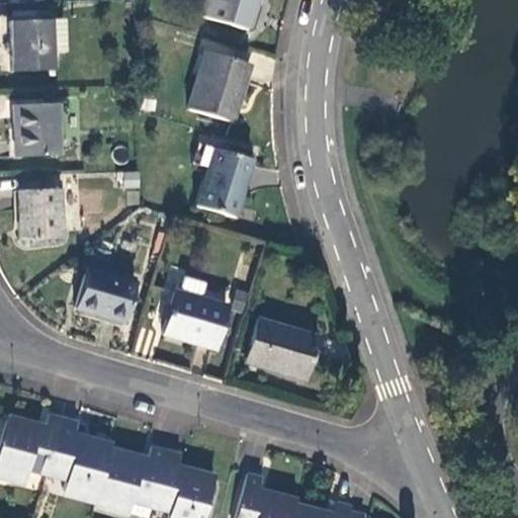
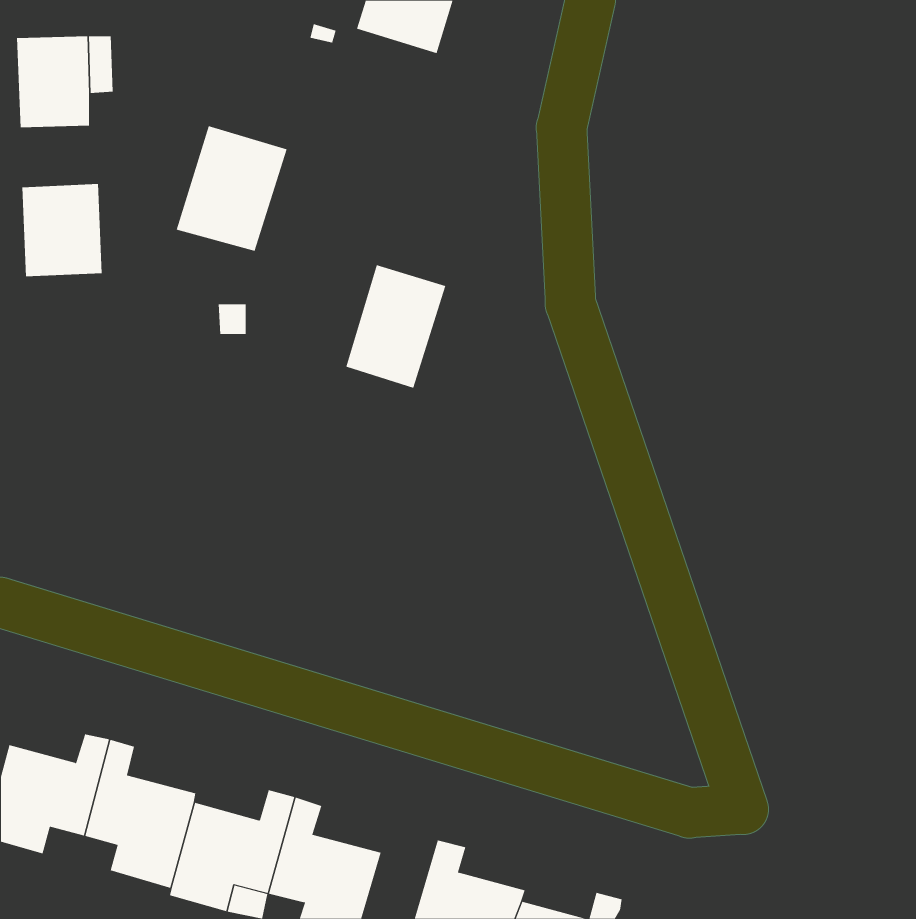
building: [188,52,251,122] -> [176,126,287,252]
building: [19,189,62,240] -> none
building: [77,269,137,323] -> none
building: [163,279,229,349] -> none
building: [244,320,320,381] -> none

